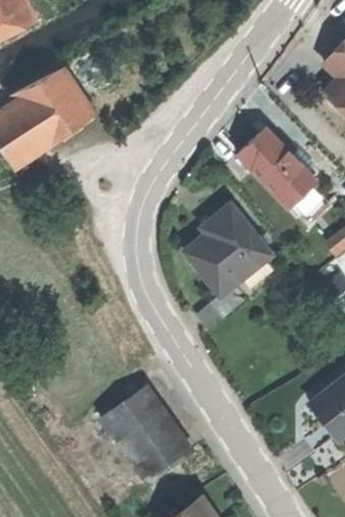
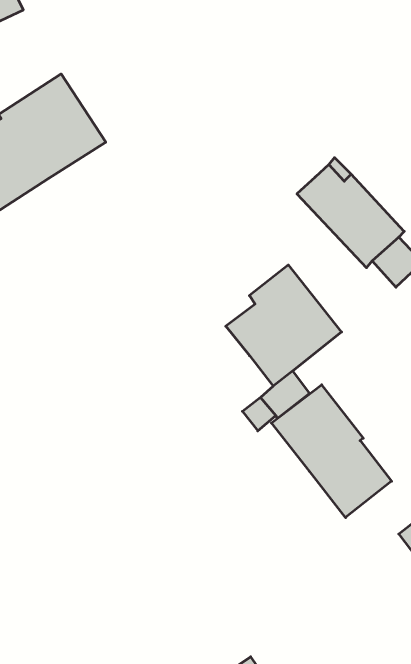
building: none -> [271,385,392,518]
building: [102,382,191,478] -> none

